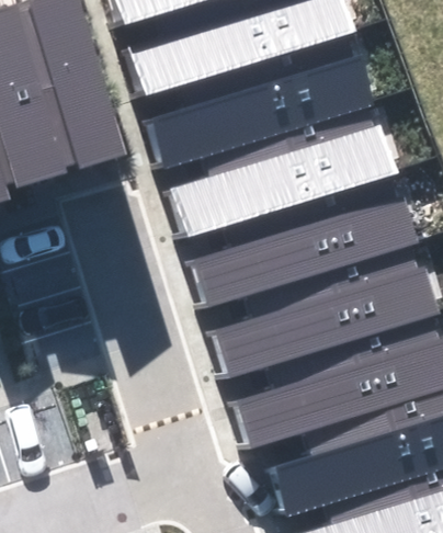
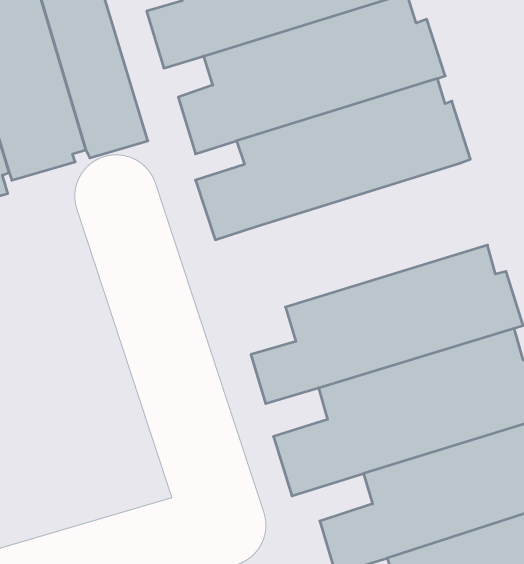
building: [186,174,418,306] -> none

